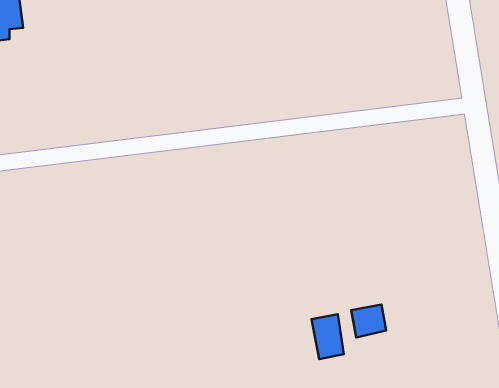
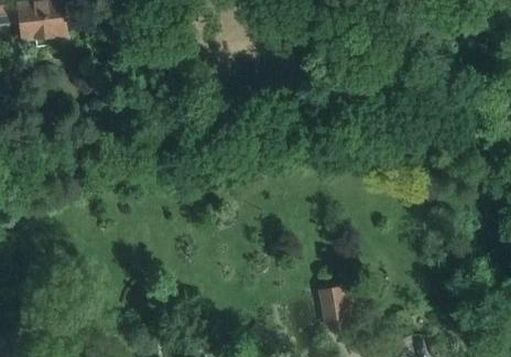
building: [351,305,386,337] -> none

